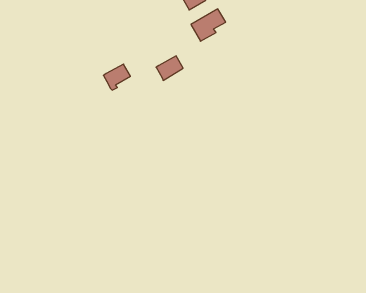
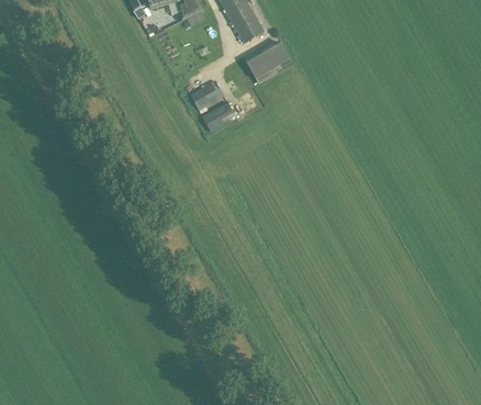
building: [103,64,130,90] -> [189,79,223,112]

